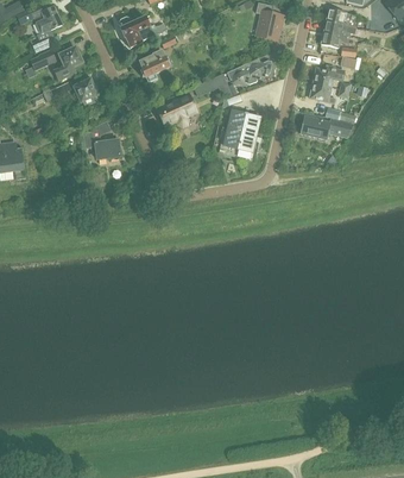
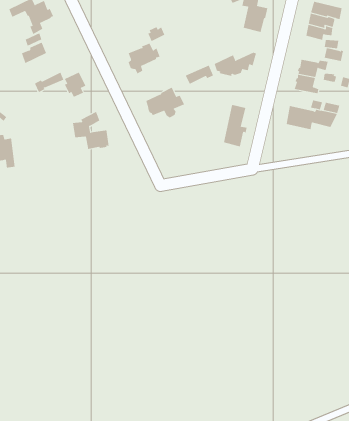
building: [118,15,166,48] -> none
building: [52,44,83,81] -> none
building: [220,109,246,152] -> none

